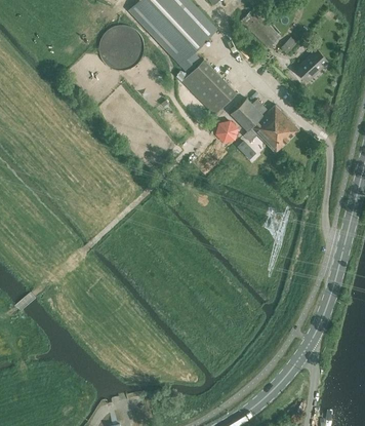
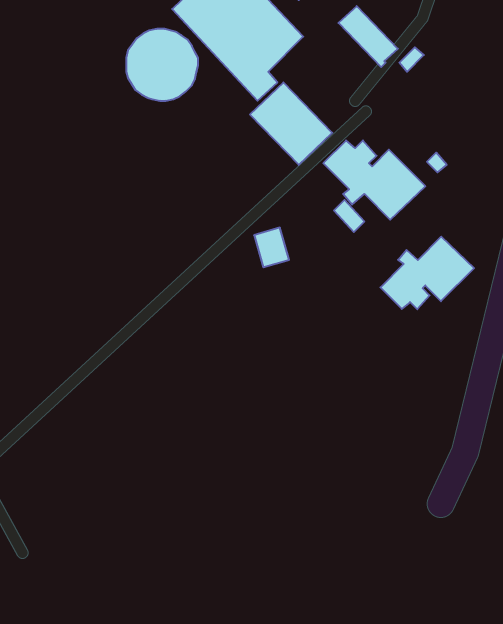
building: [295,49,327,80] -> none
building: [215,117,239,144] -> [254,228,289,267]
building: none -> [380,237,474,309]

